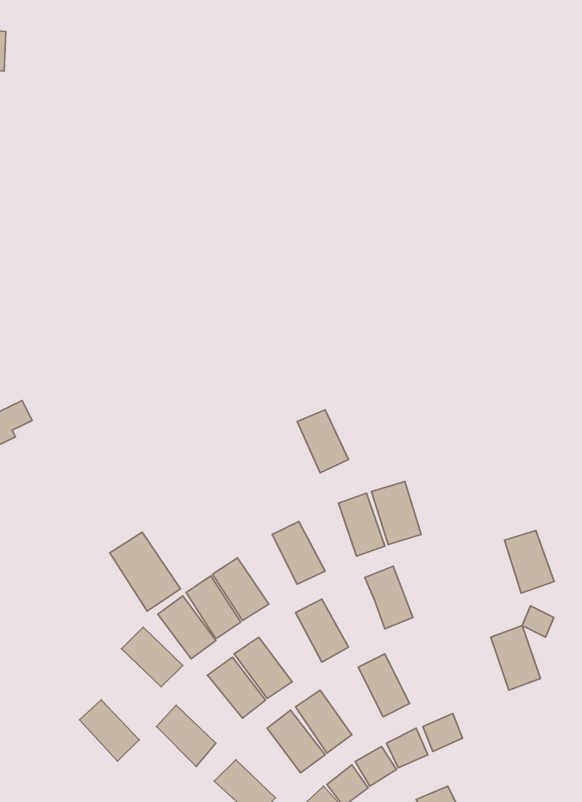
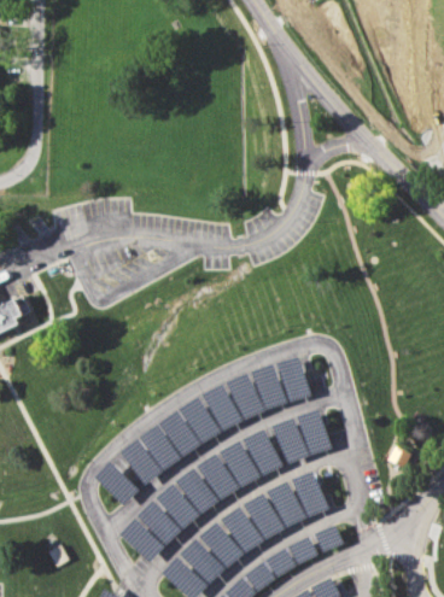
building: [297,410,348,473] -> [227,374,264,420]
building: [504,530,554,593] -> [297,409,333,455]
building: [110,532,180,611] -> none
building: none -> [181,398,221,444]
building: none -> [244,428,284,475]
building: none -> [198,455,239,499]
building: [491,626,540,690] -> [292,470,328,517]
building: none -> [244,493,282,539]
building: [80,700,139,761] -> [138,501,181,545]
building: none -> [181,539,224,584]

